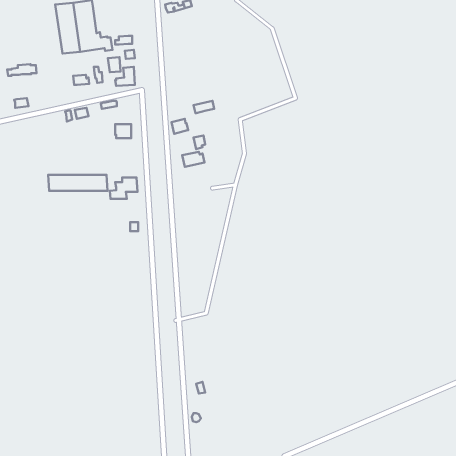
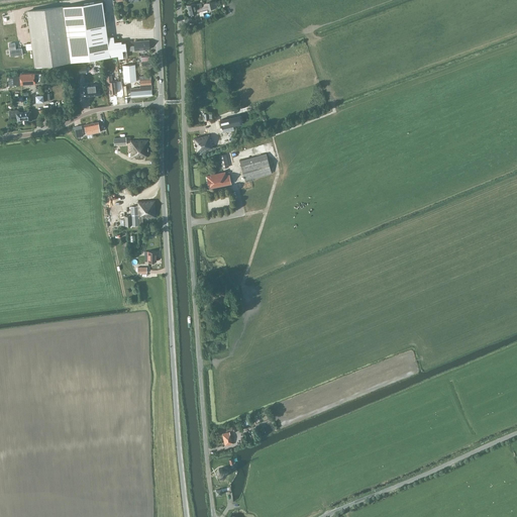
building: none -> [27,5,71,66]
building: none -> [239,153,272,182]
building: [48,175,108,191] -> none

